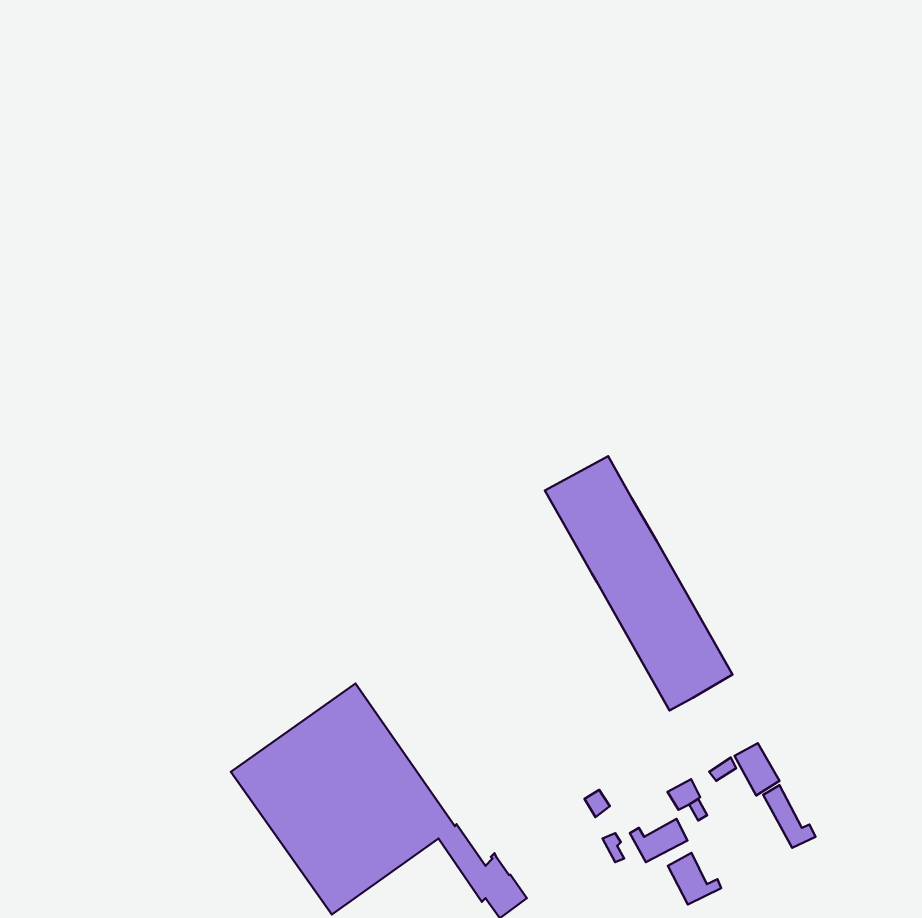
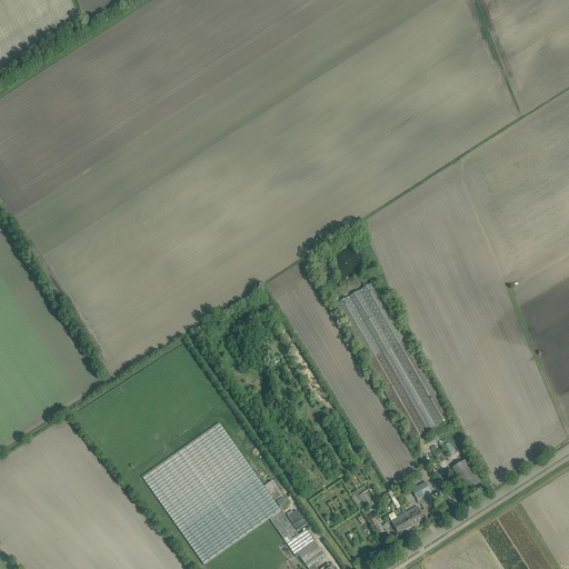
building: [763,785,816,848] -> none
building: [668,853,721,904] -> none

